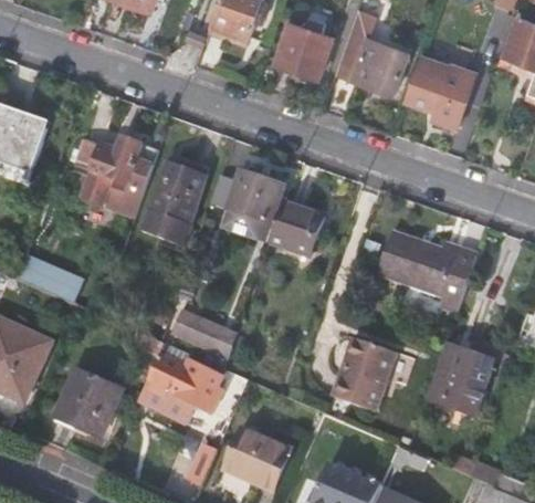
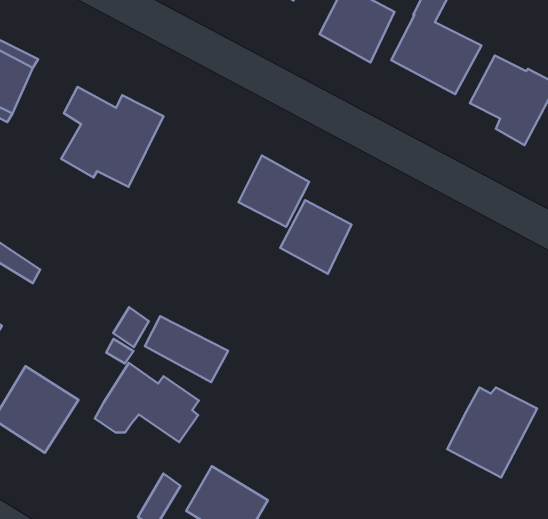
building: [145,161,208,245] -> none
building: [376,230,478,314] -> none
building: [332,337,398,413] -> none

